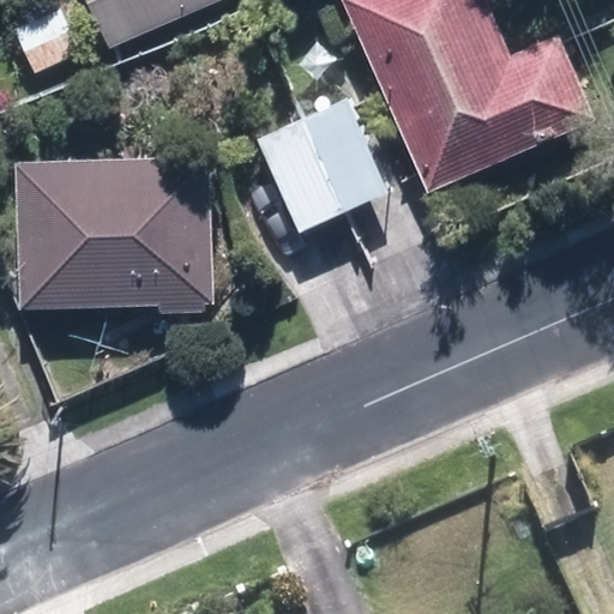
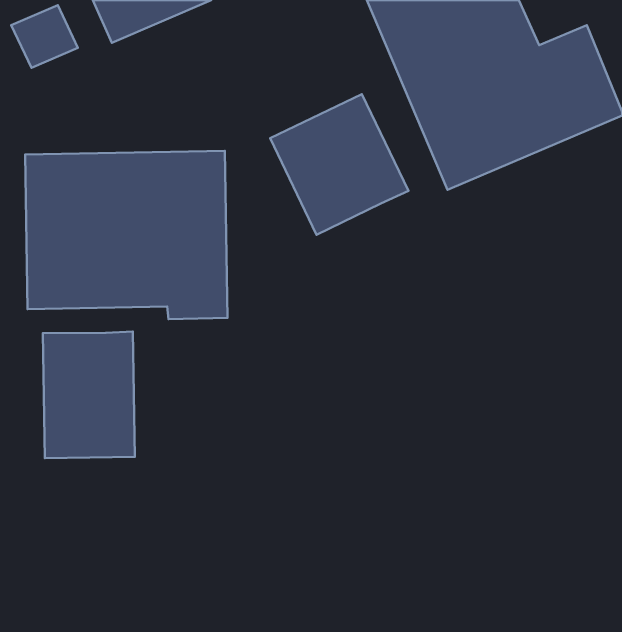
building: none -> [43,332,135,458]

